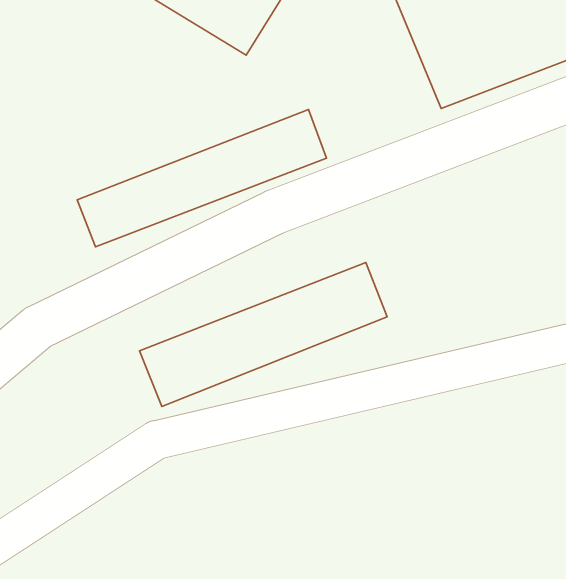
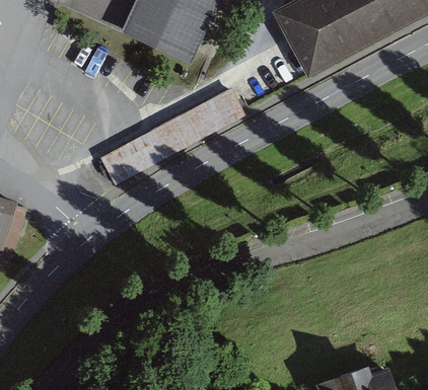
building: [139,263,387,406] -> none

